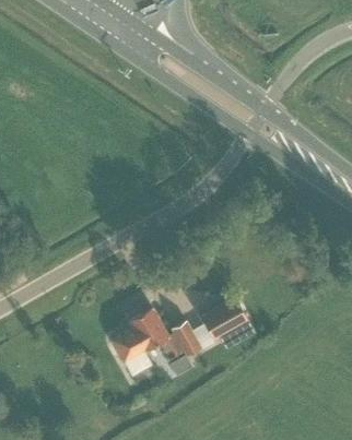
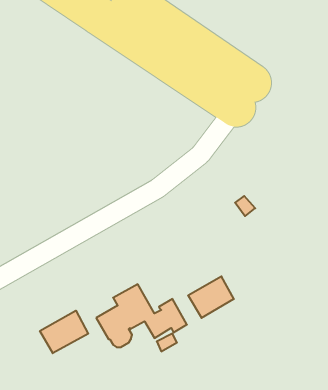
building: none -> [40,311,88,353]

